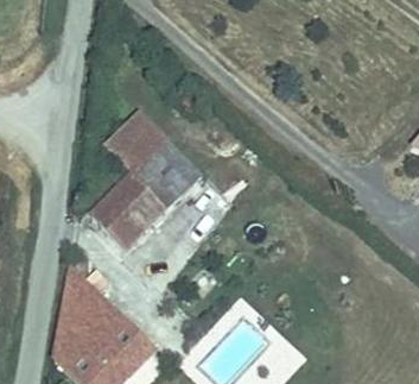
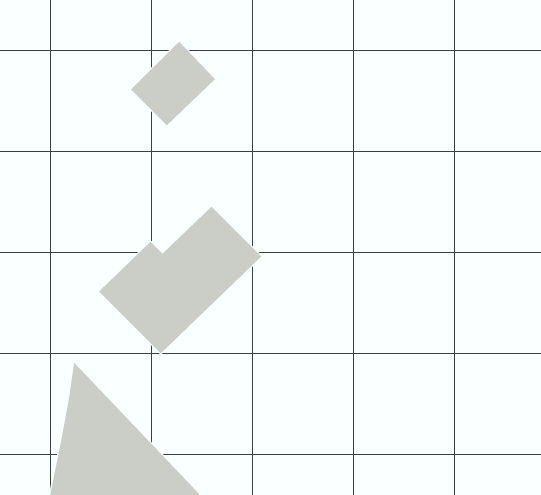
building: [102,124,160,182] -> [130,41,216,126]

